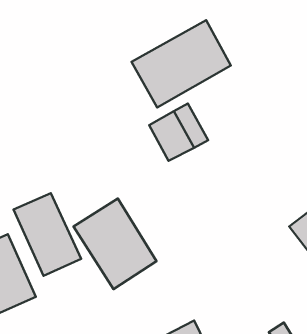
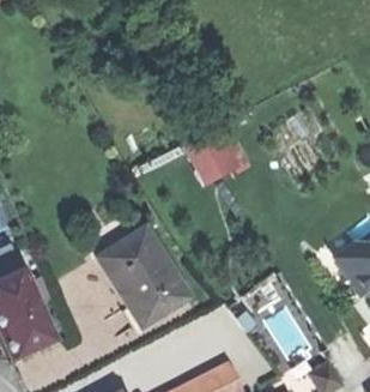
building: [131,20,231,108] -> none
building: [14,193,81,276] -> none

